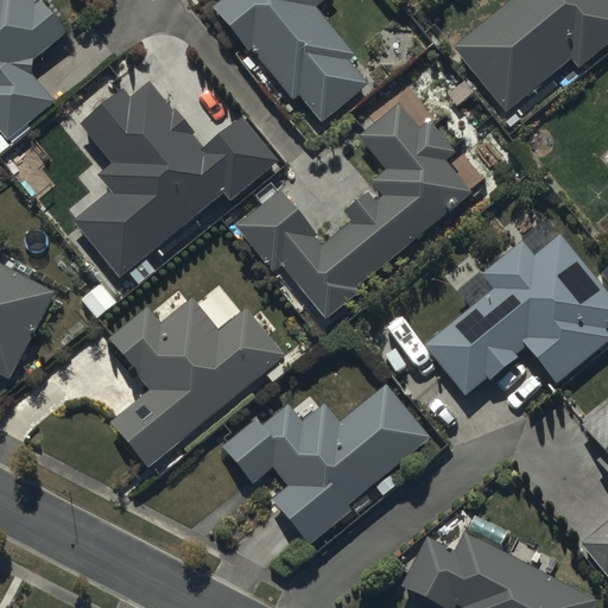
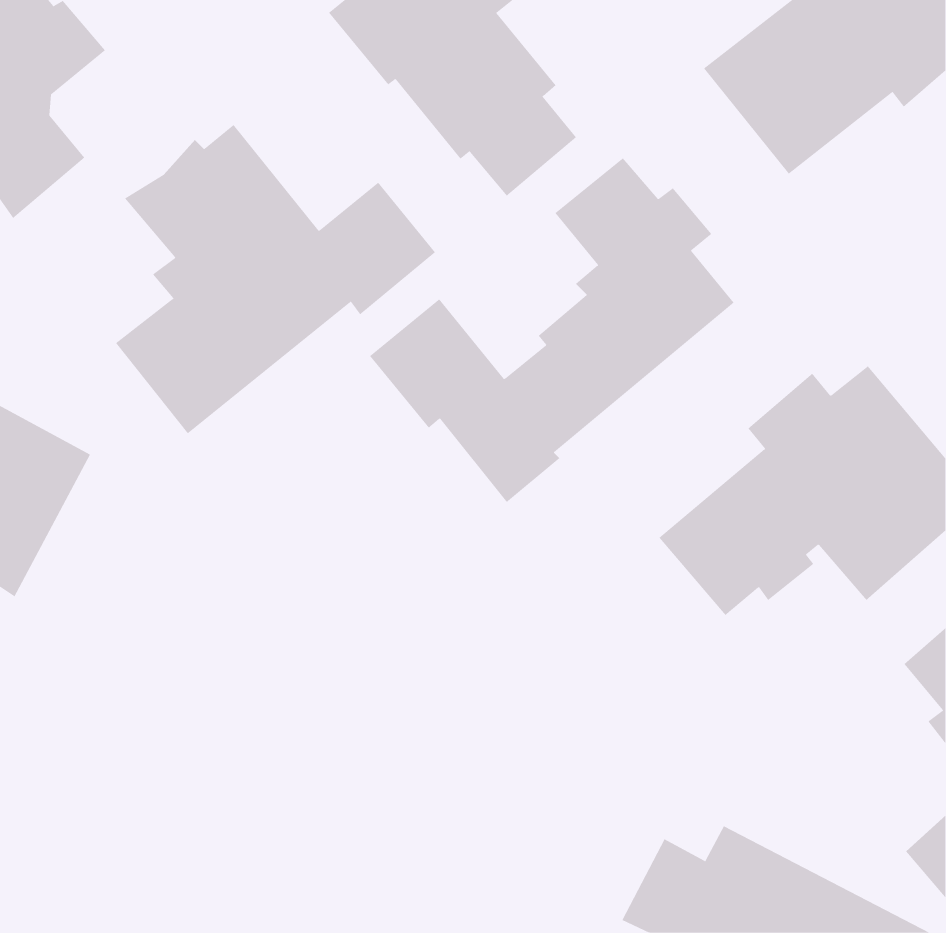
building: [107,297,284,469] -> none
building: [221,385,428,547] -> none

